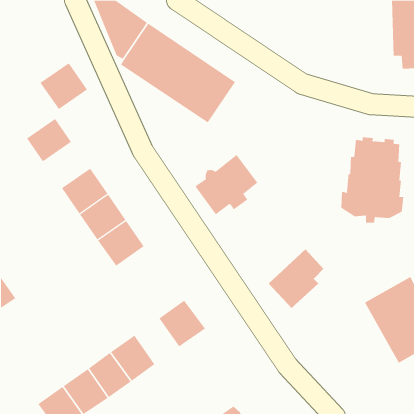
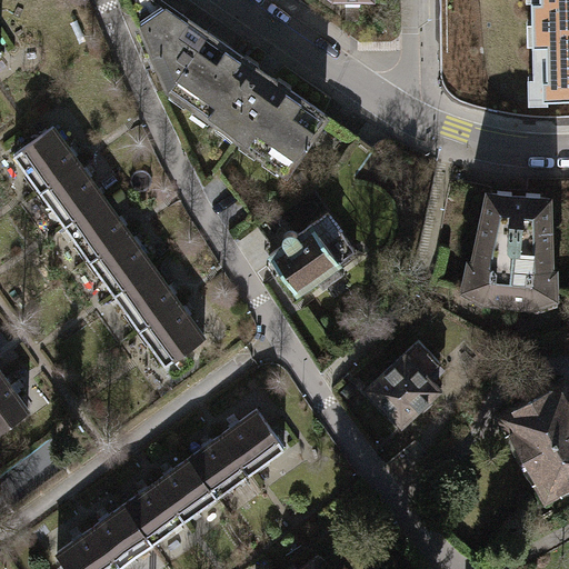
building: [40,63,88,110] -> [14,128,80,192]
building: none -> [62,197,128,260]
building: none -> [188,438,248,500]

